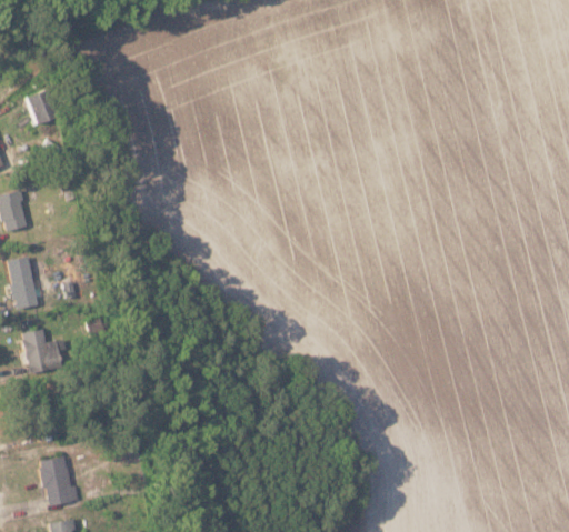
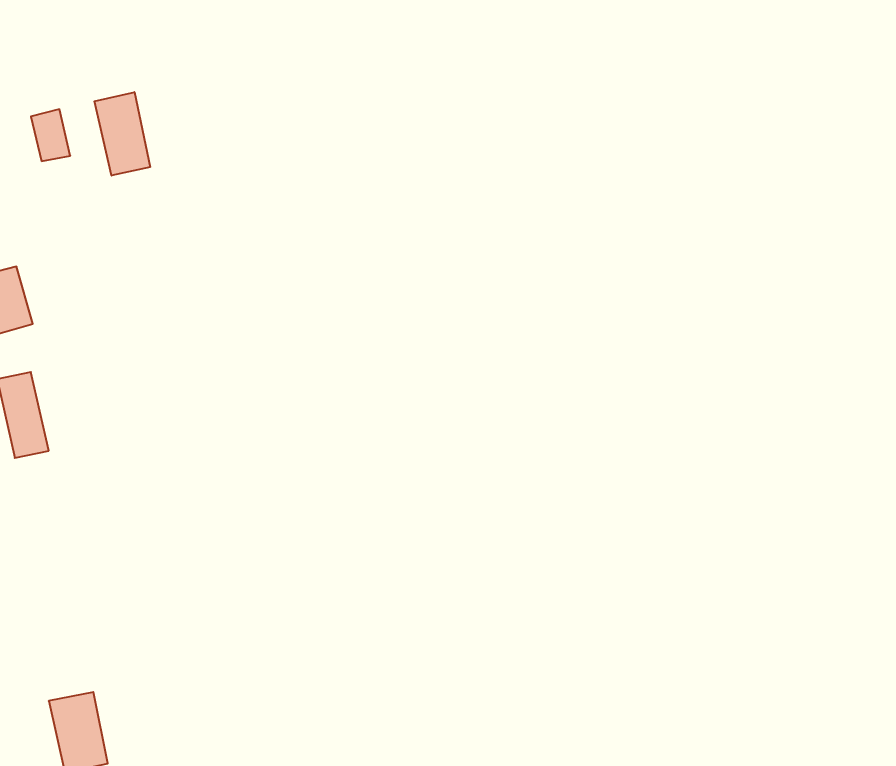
building: none -> [94,92,150,176]
building: [21,329,62,373] -> none

